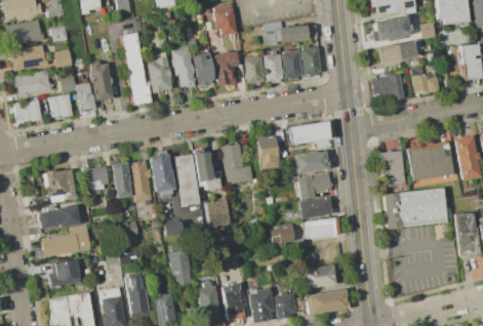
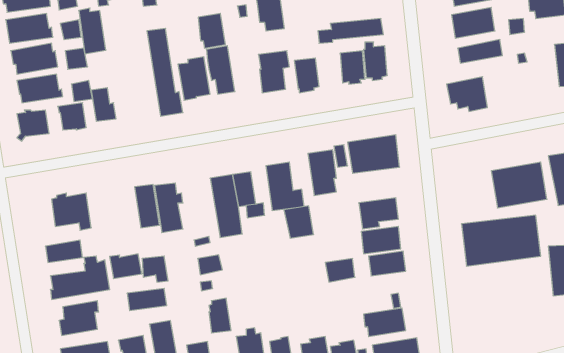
building: [264,54,283,83] -> none
building: [193,56,215,85] -> [198,13,225,48]
building: [90,62,113,99] -> [79,8,106,54]
building: [410,67,439,94] -> none
building: [296,151,328,173] -> none
building: [379,151,404,187] -> none
building: [150,154,175,192] -> none
building: [82,166,109,187] -> [110,254,142,279]
building: [205,200,230,227] -> [284,206,314,238]

